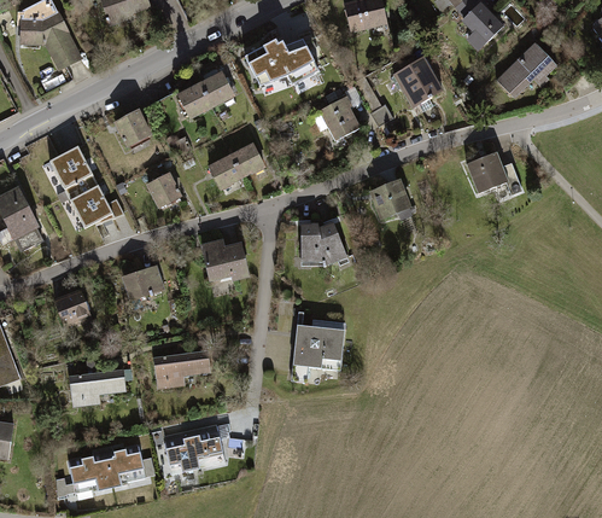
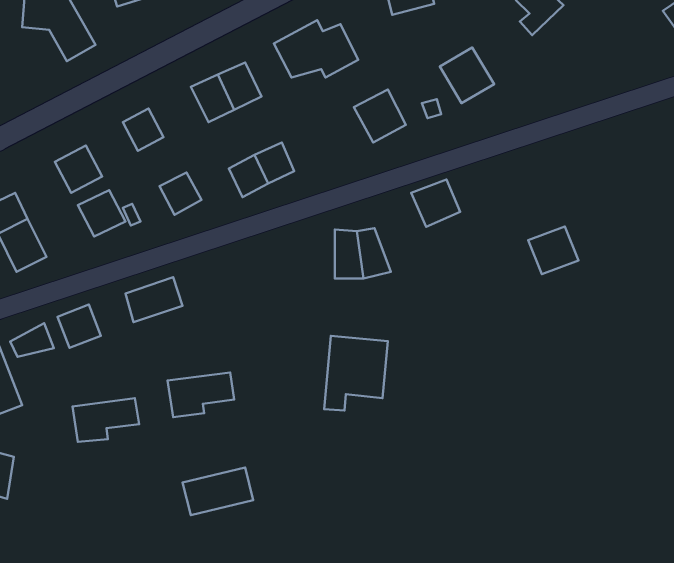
building: [492,39,556,97] -> none
building: [463,149,508,191] -> [528,227,579,274]
building: [200,241,250,287] -> none
building: none -> [10,323,54,357]
building: [69,446,146,493] -> none

